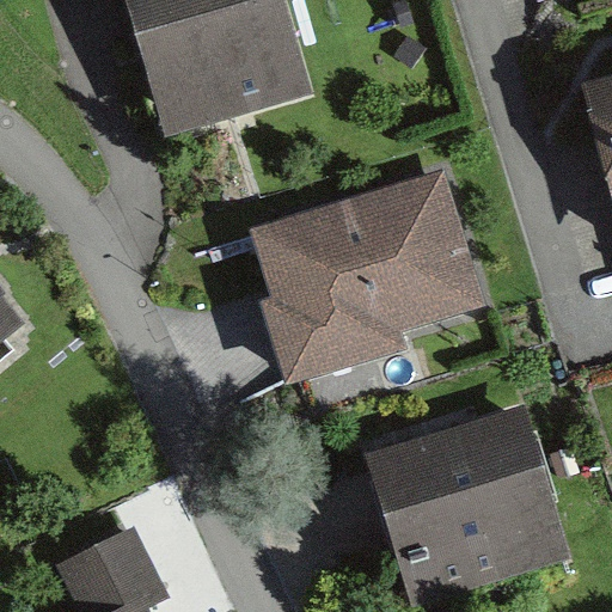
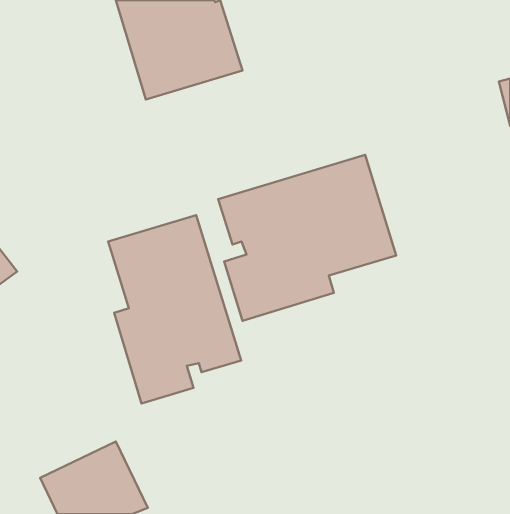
building: none -> [108,215,241,404]
building: [375,421,556,570] -> none

